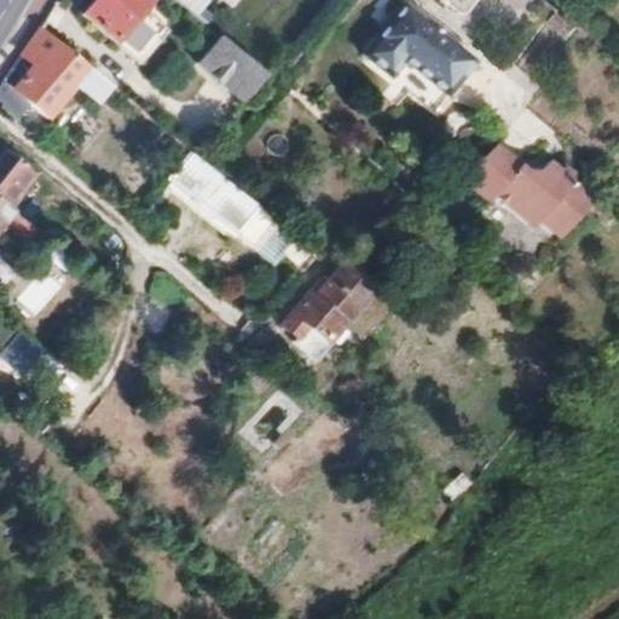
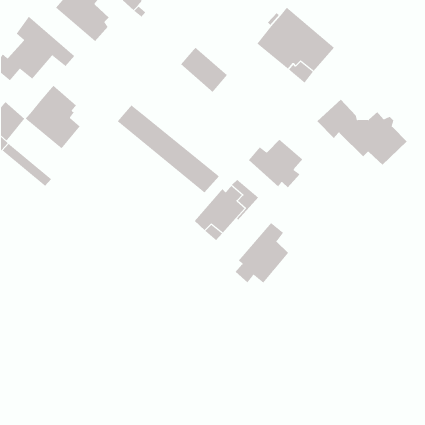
building: [197,35,266,102] -> [180,47,228,93]
building: none -> [25,85,80,149]
building: none -> [248,139,303,188]
building: none -> [235,222,289,283]

